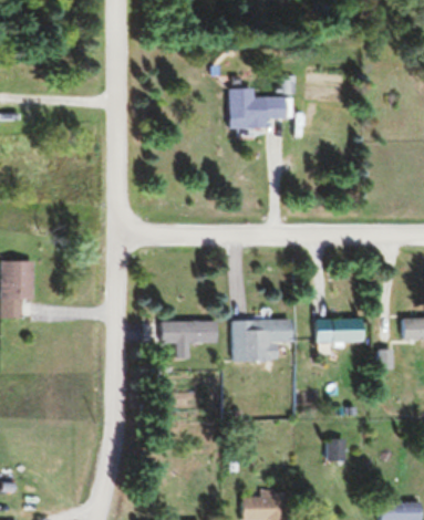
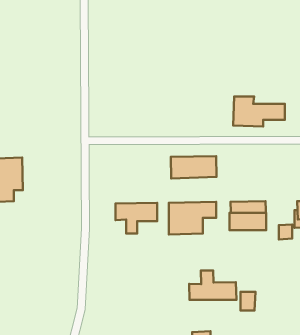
building: [226,90,294,129] -> [233,96,285,126]
building: none -> [171,156,217,179]
building: none -> [189,270,236,300]

